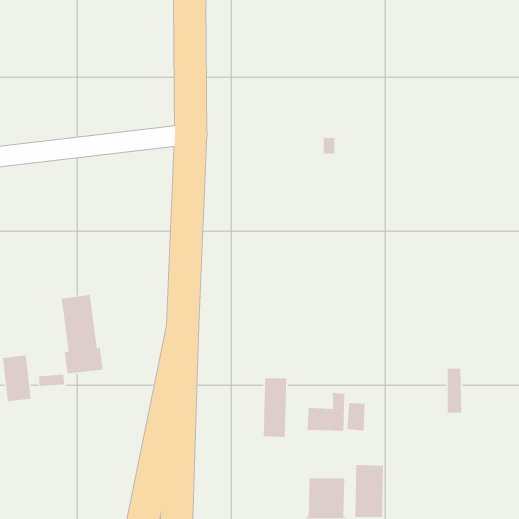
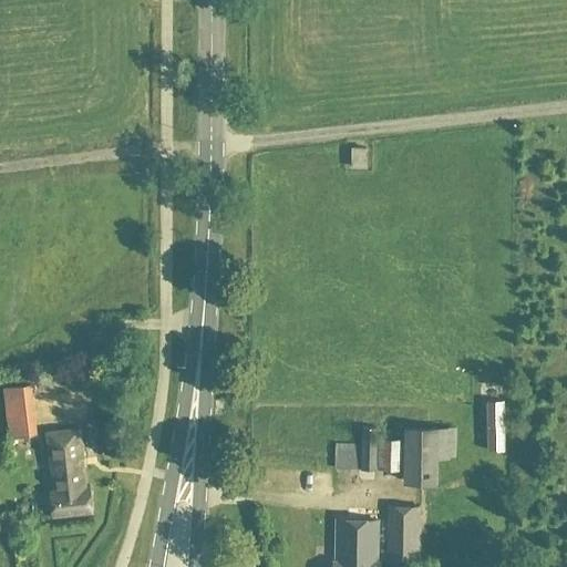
building: [61,294,104,374] -> [45,430,92,517]
building: [263,378,287,438] -> none
building: none -> [405,429,454,482]

